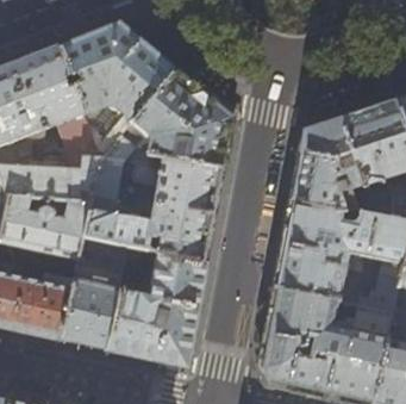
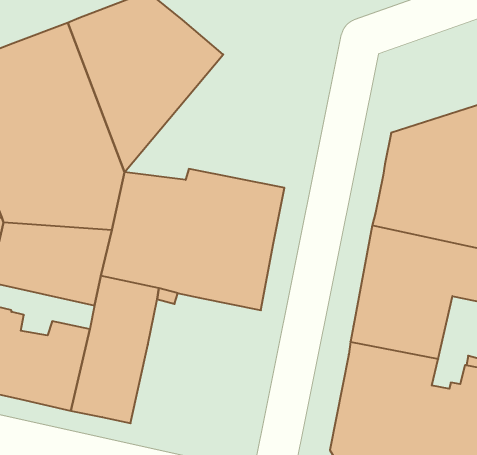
building: [100,68,232,169] -> none
building: [105,253,204,365] -> none

